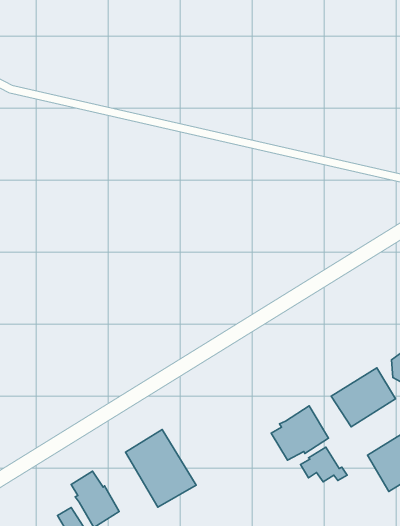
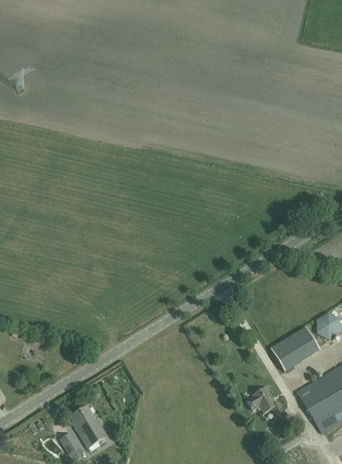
building: [271,406,328,460] -> none
building: [125,429,196,507] -> none

